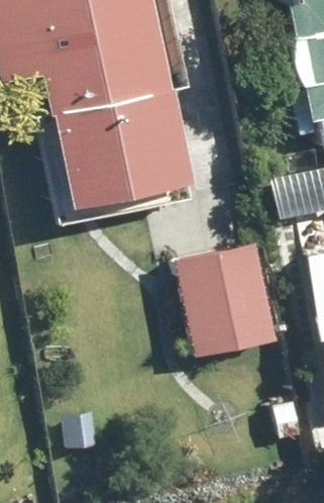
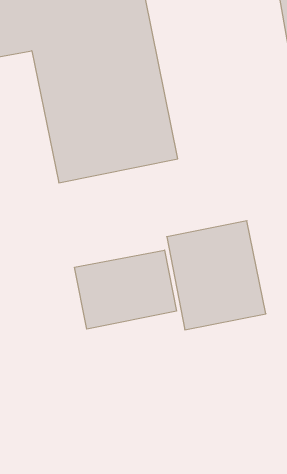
building: none -> [75,250,176,329]

